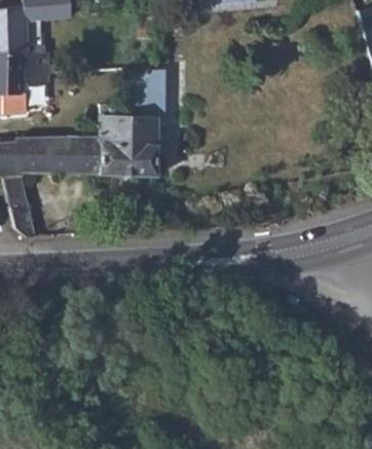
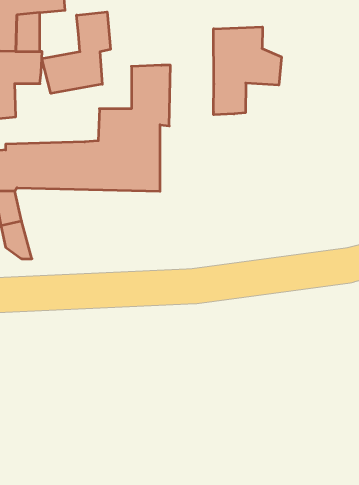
building: none -> [42,12,110,93]
building: none -> [214,27,281,115]

